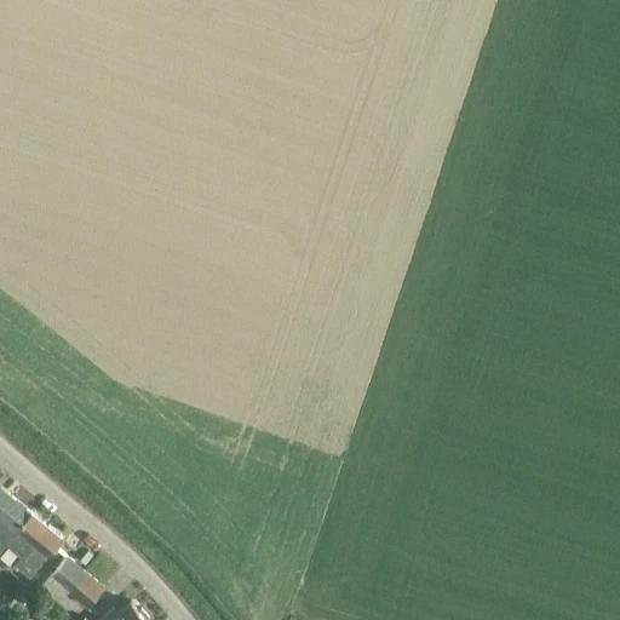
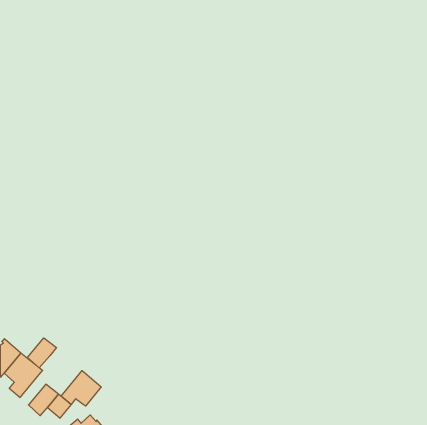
building: none -> [28,338,56,368]
building: none -> [61,371,101,406]

